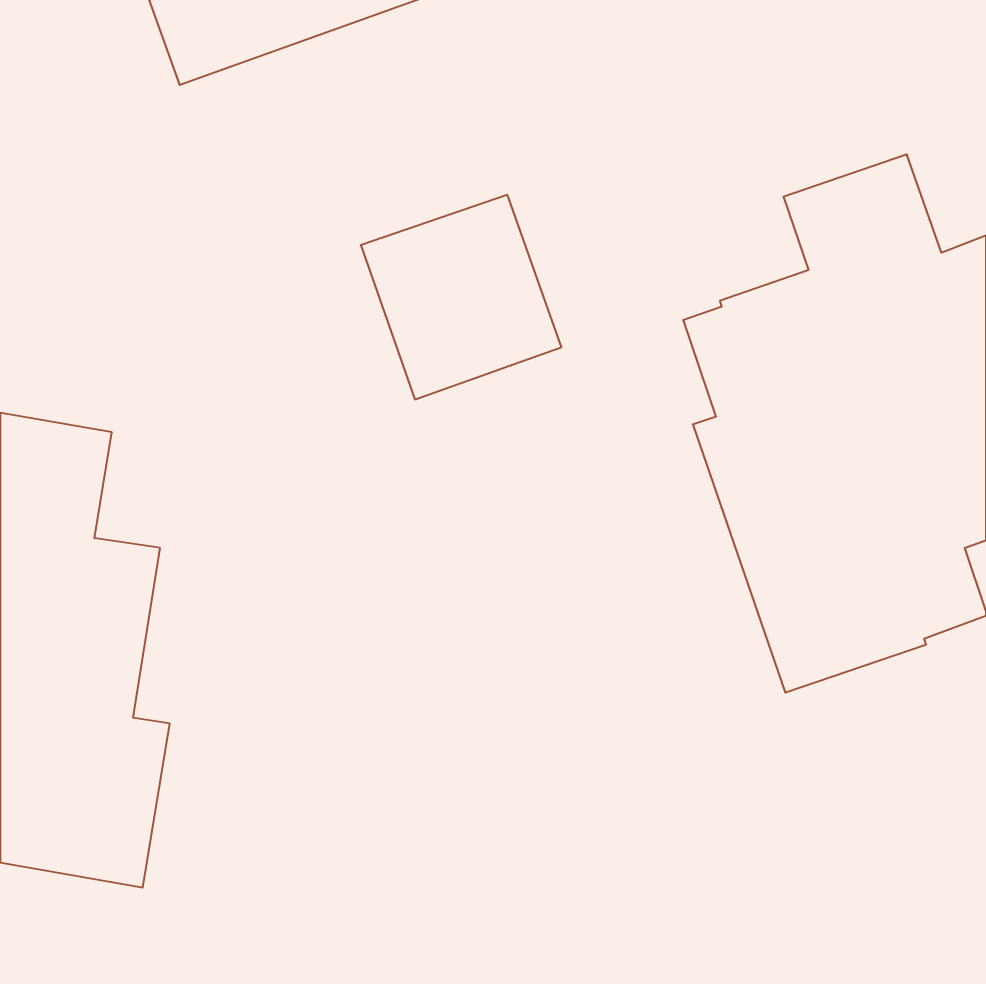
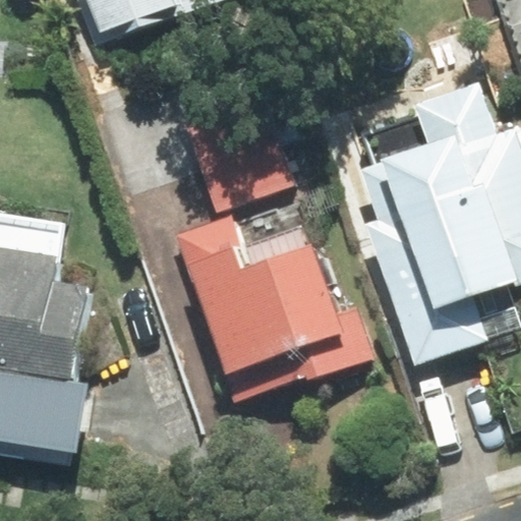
building: none -> [177,215,372,400]

